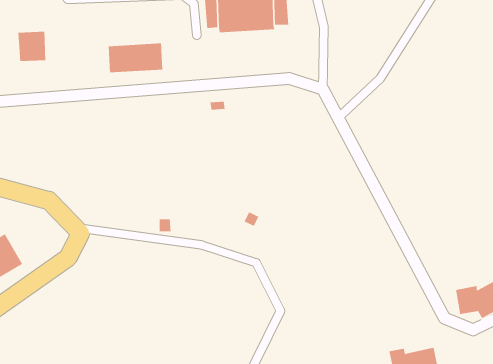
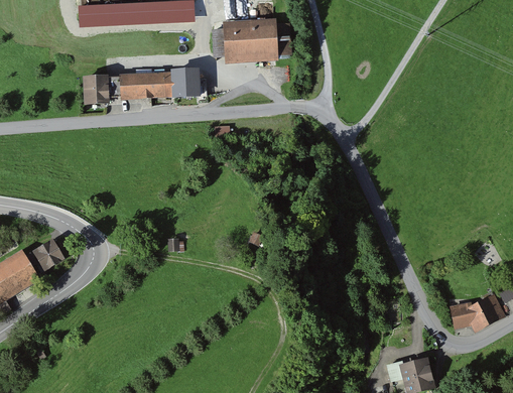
building: [17,31,46,62] -> [82,75,109,104]
building: none -> [170,67,200,97]
building: none -> [33,242,65,272]

